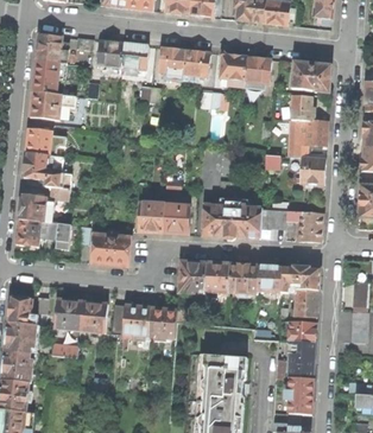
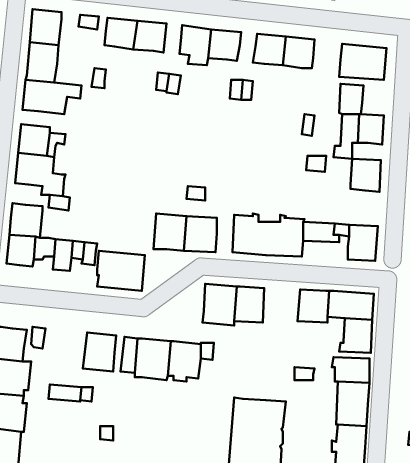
building: [228,263,259,294] -> none
building: [55,299,83,330] -> none

